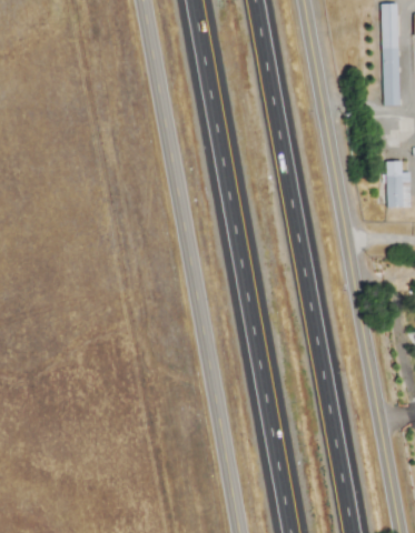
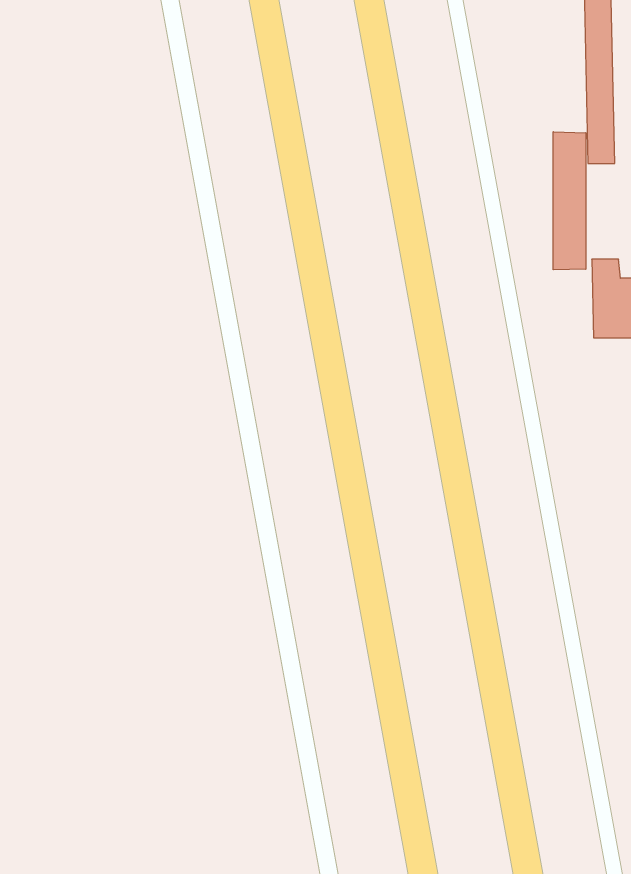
building: none -> [553,132,586,270]

